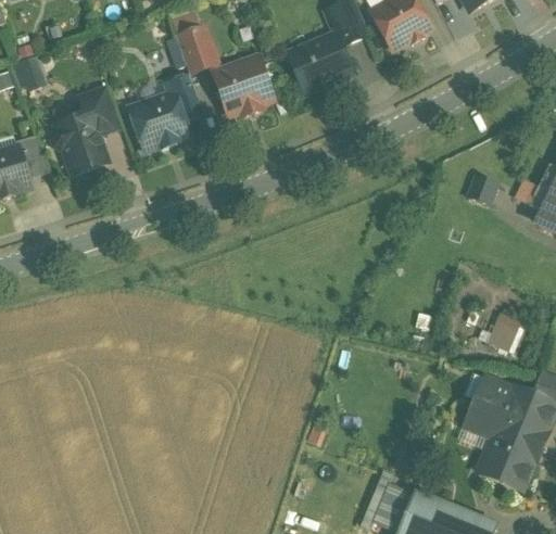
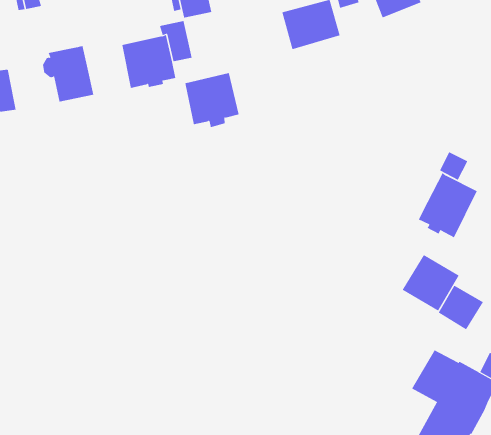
building: [213,56,273,115] -> [185,73,239,128]
building: [79,88,121,134] -> none
building: [15,135,49,177] -> none
building: none -> [418,172,477,238]
building: none -> [402,254,459,312]

